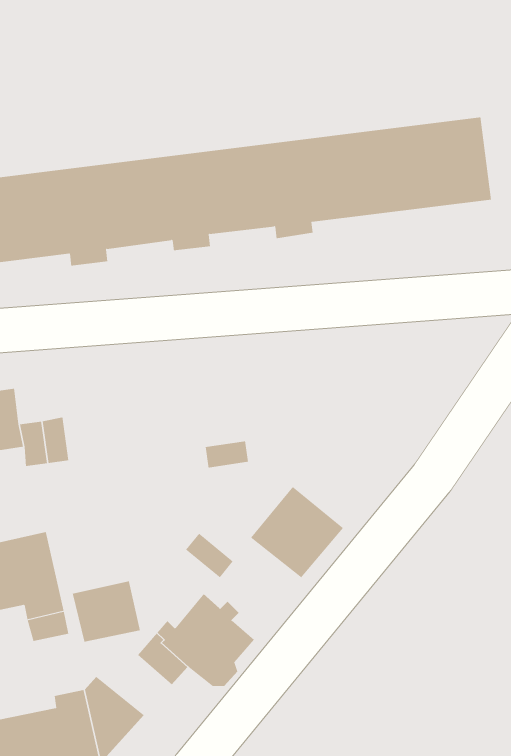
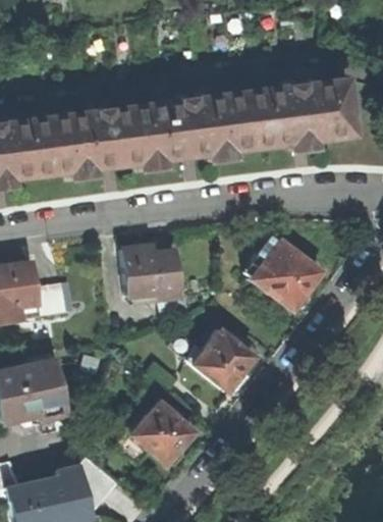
building: none -> [248,240,322,310]
building: none -> [122,247,182,299]
building: [72,580,141,643] -> none

